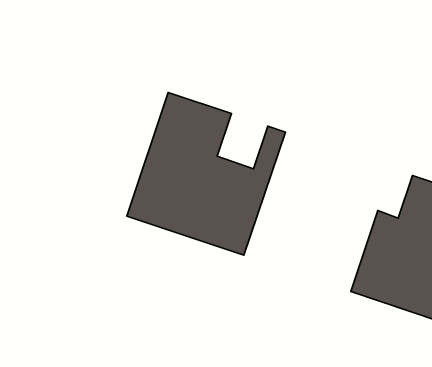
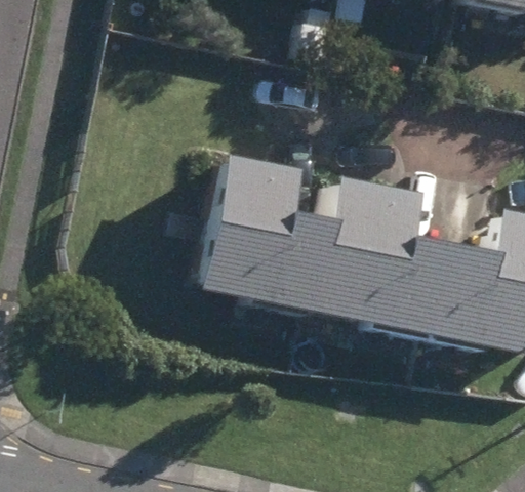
building: none -> [310,175,445,334]

